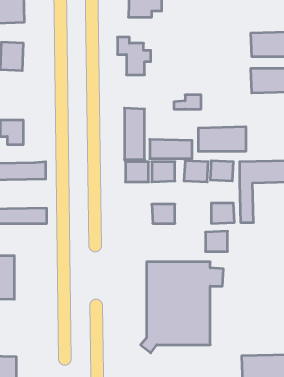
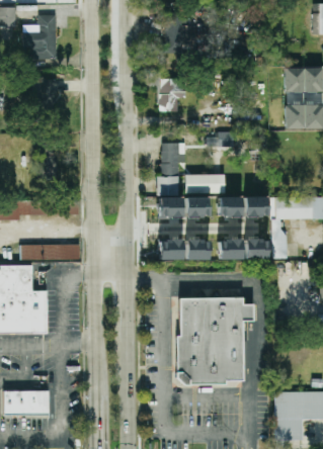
building: [198,127,246,151] -> none
building: none -> [159,240,182,259]
building: [205,231,228,251] -> [219,239,241,259]

